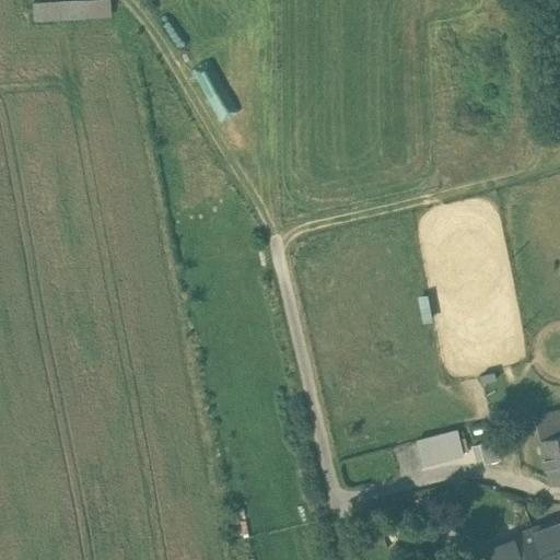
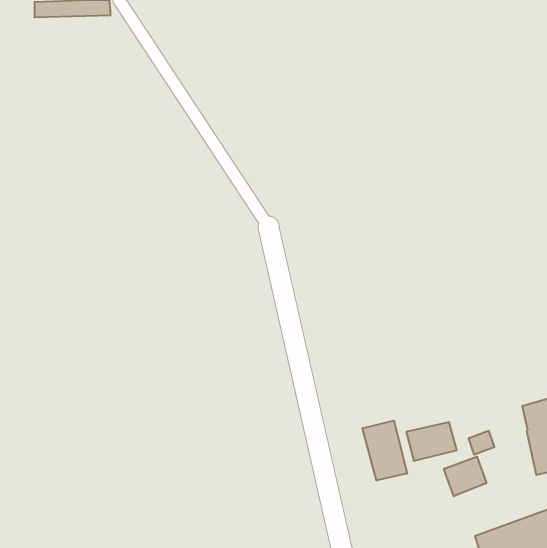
building: none -> [362,421,407,481]
building: none -> [444,457,486,496]

